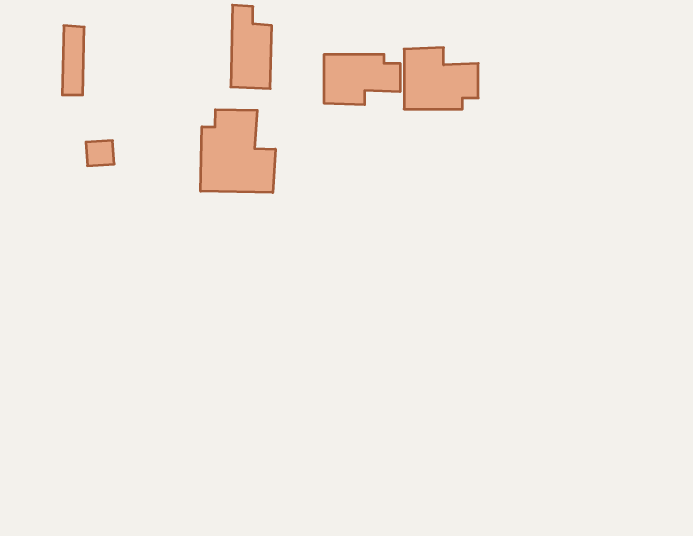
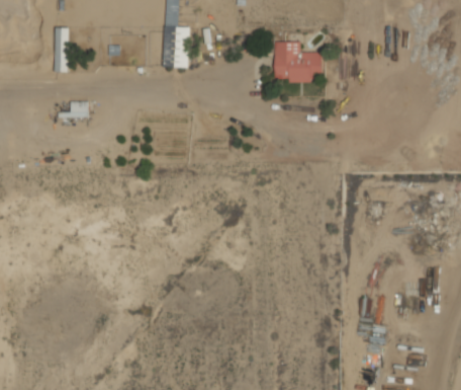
building: [324,54,400,105] -> none
building: [201,110,275,193] -> none

